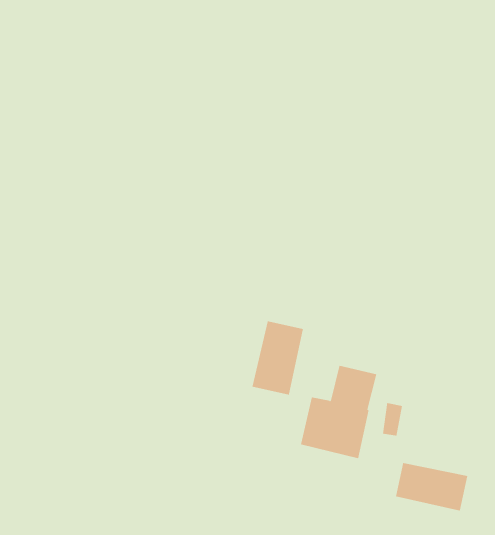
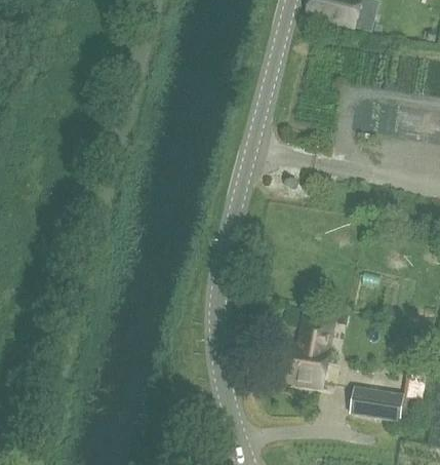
building: [252,320,304,396] -> none

